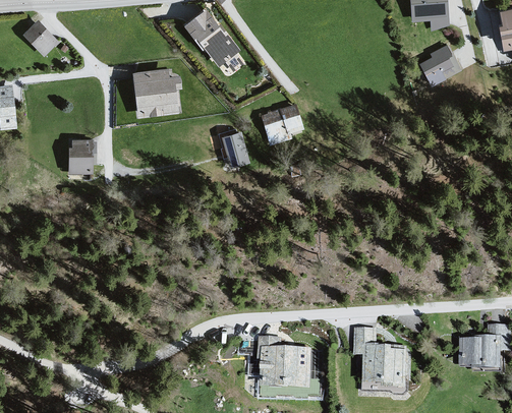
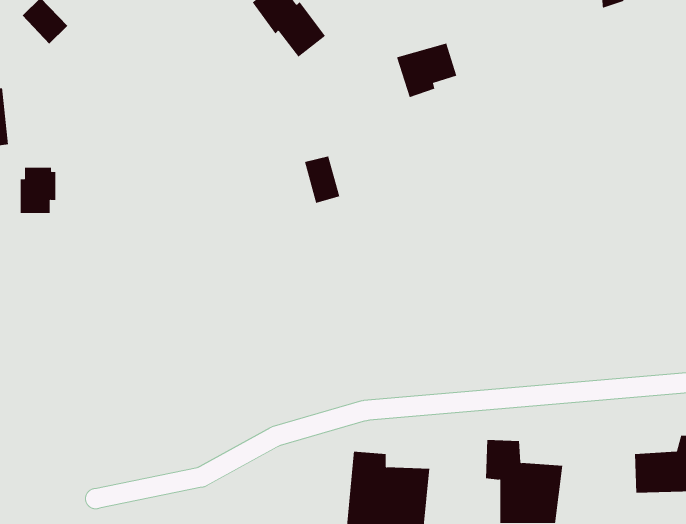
building: [420,47,452,77] -> none
building: [134,69,180,115] -> none
building: [261,105,303,143] -> [396,43,457,98]
building: [70,140,96,173] -> [20,167,56,213]

